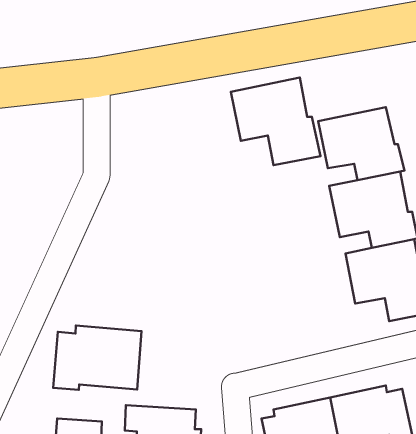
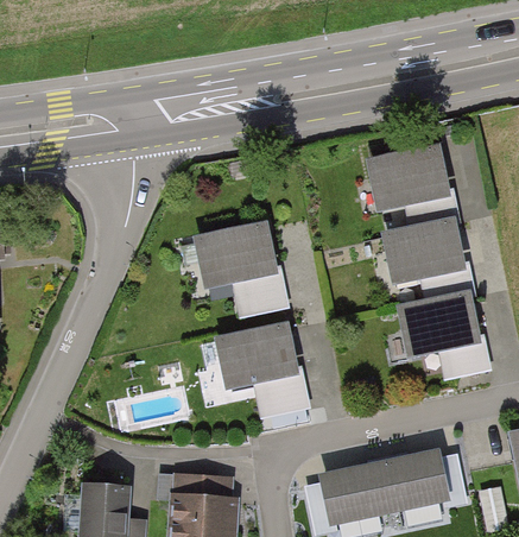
building: [231,78,320,165] -> [194,221,291,316]
building: none -> [214,322,311,418]
building: [53,325,141,390] -> none

